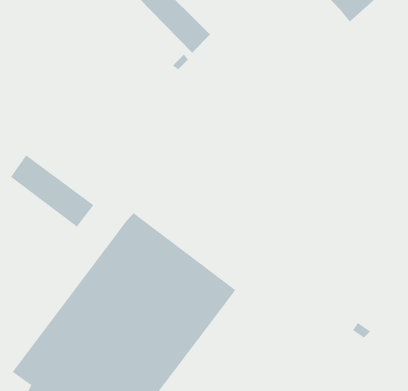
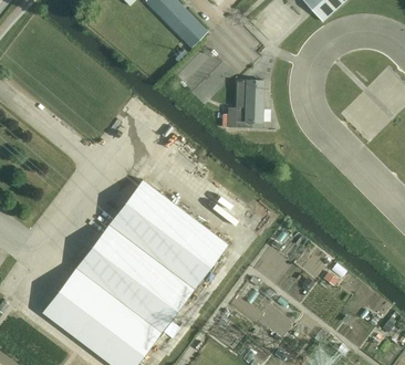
building: none -> [227,80,264,128]
building: [10,155,94,228] -> none

